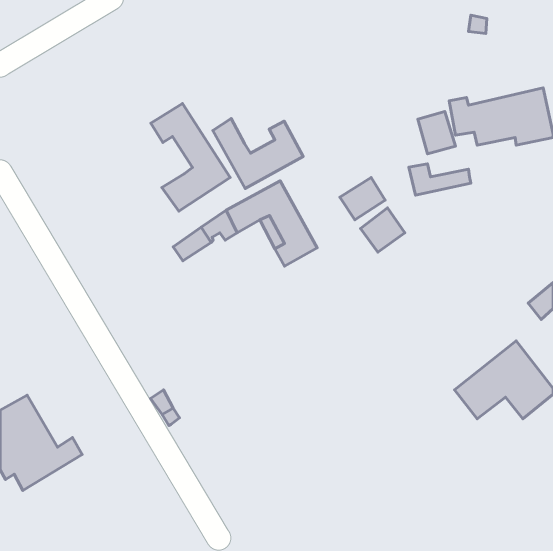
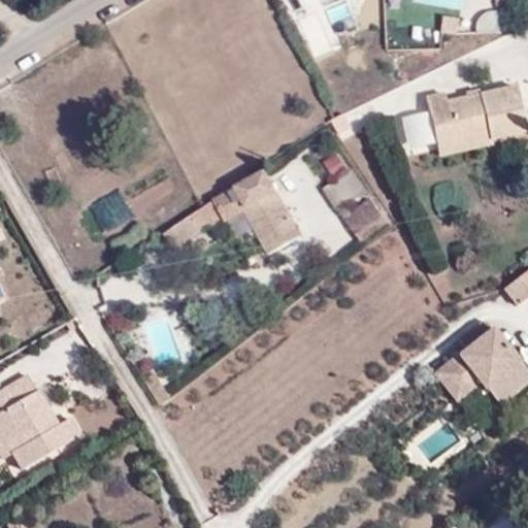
building: [151,104,230,211] -> none
building: [213,119,303,188] -> none
building: [409,164,471,195] -> [434,126,493,156]

